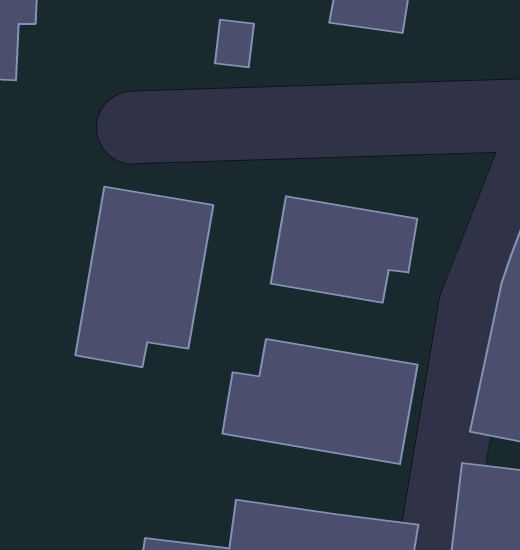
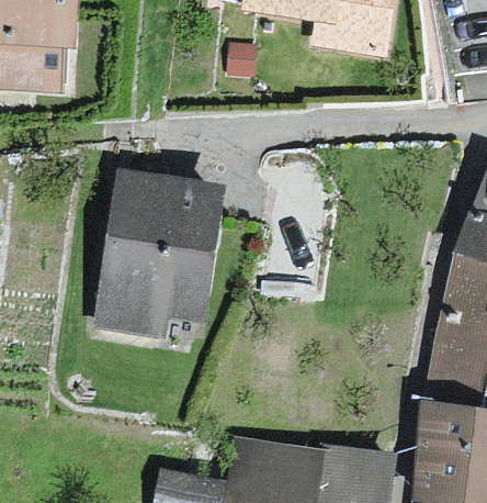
building: [271,196,417,303] -> none
building: [223,339,417,464] -> none

